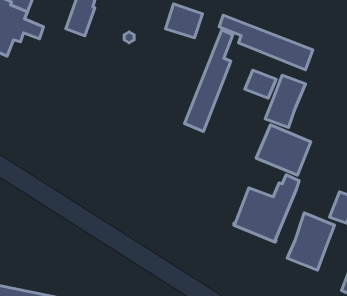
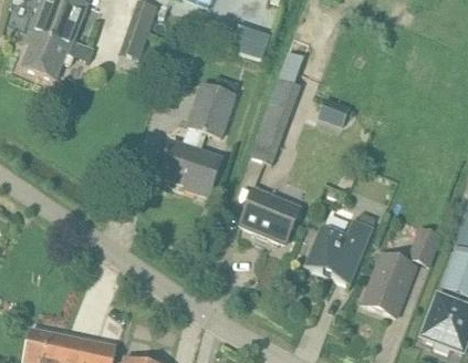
building: [219,15,313,70] -> none
building: none -> [158,74,239,196]
building: [265,75,306,127] -> none
building: [256,125,311,175] -> [239,188,299,243]

